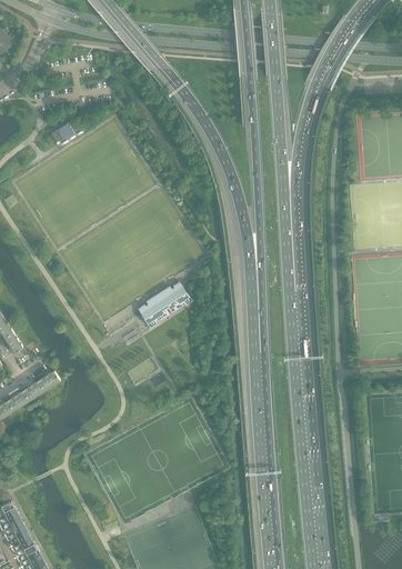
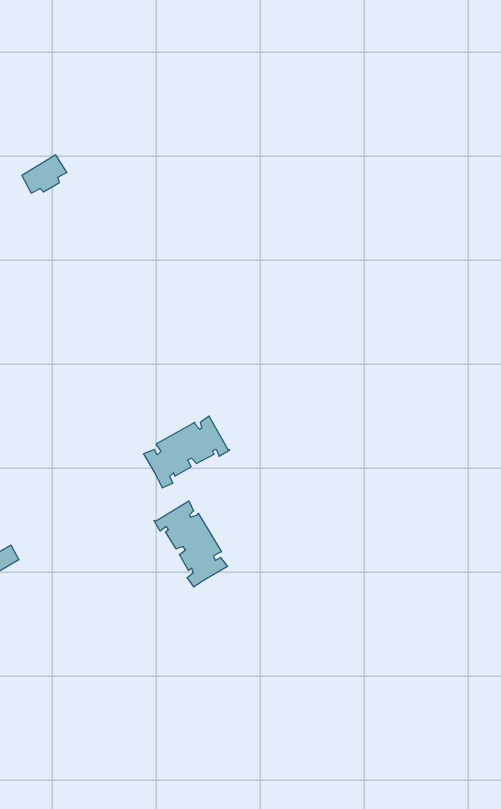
building: none -> [154,501,227,587]

